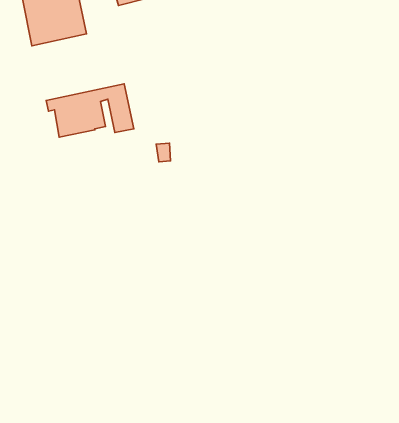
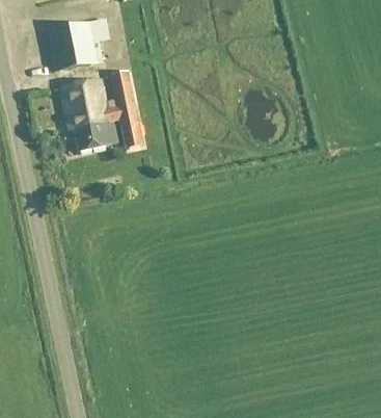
building: none -> [61,68,136,116]

